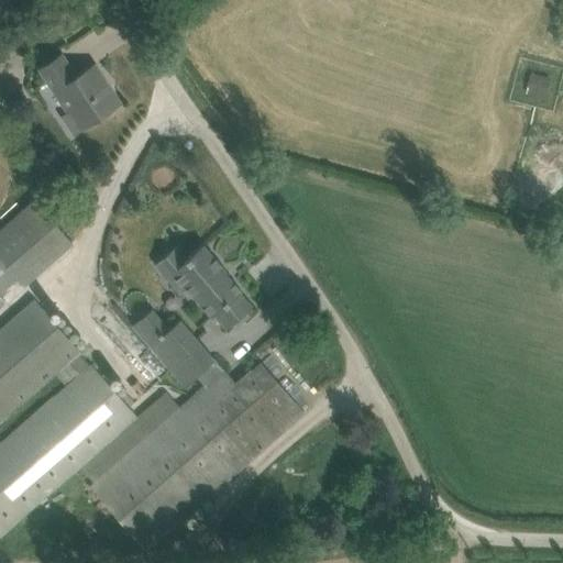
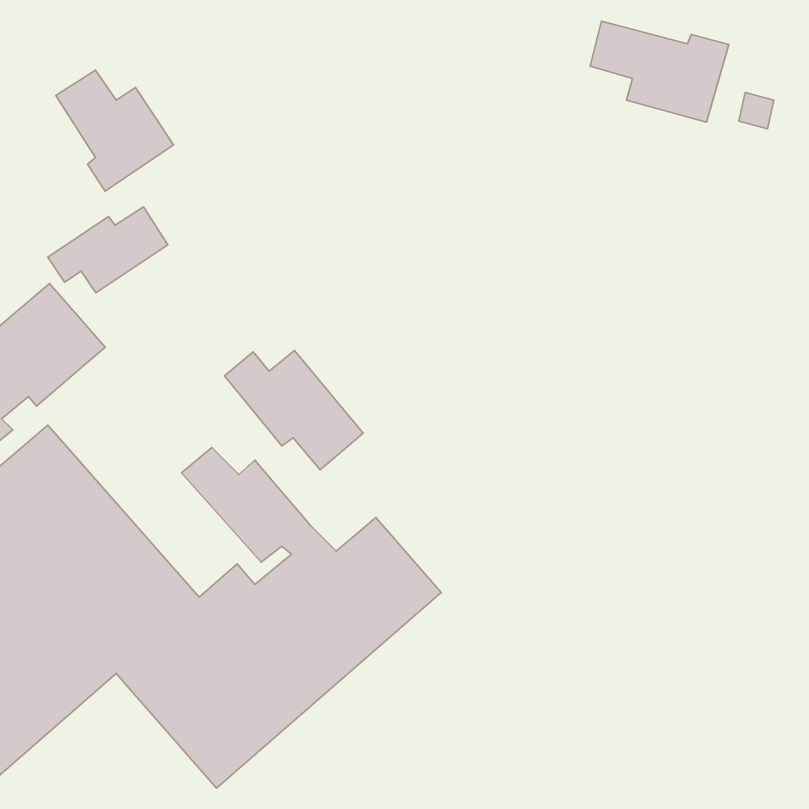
building: none -> [590,21,729,122]
building: none -> [48,207,168,293]

